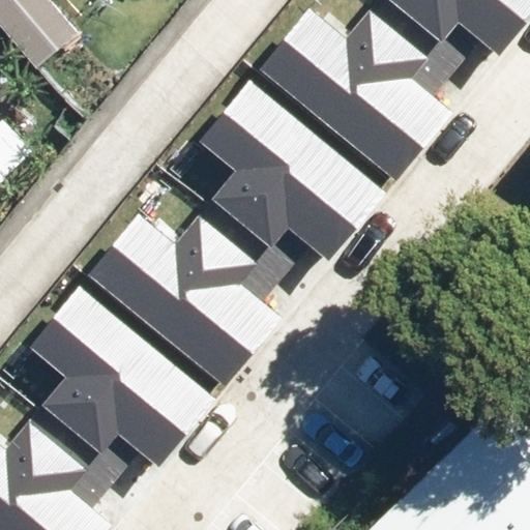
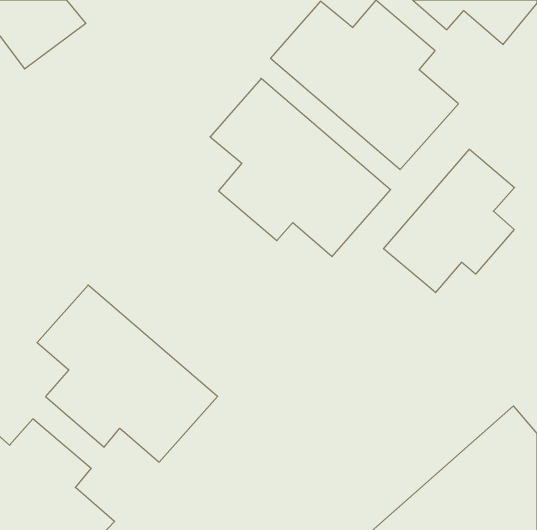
building: none -> [384,149,515,293]
building: [98,218,281,384] -> none

